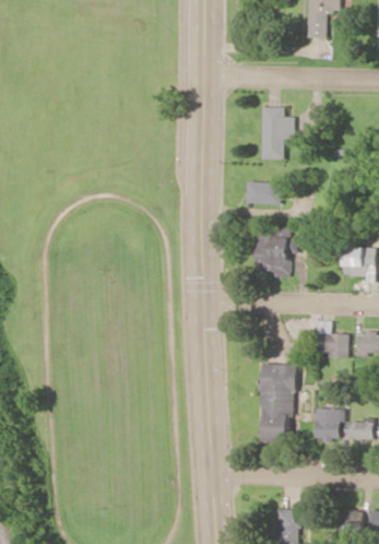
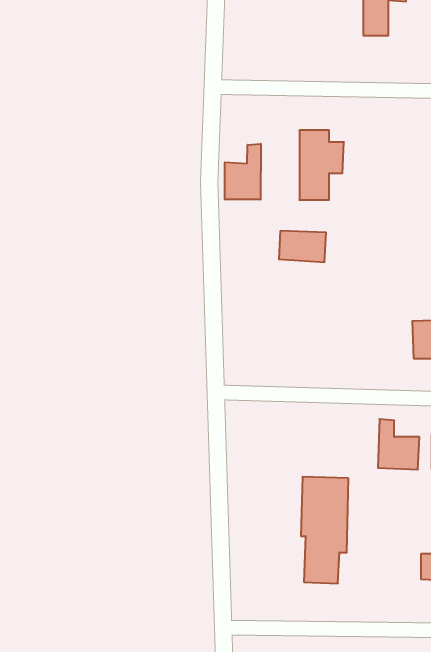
building: none -> [225,144,261,200]
building: [254,228,296,274] -> none
building: [315,410,341,441] -> none

